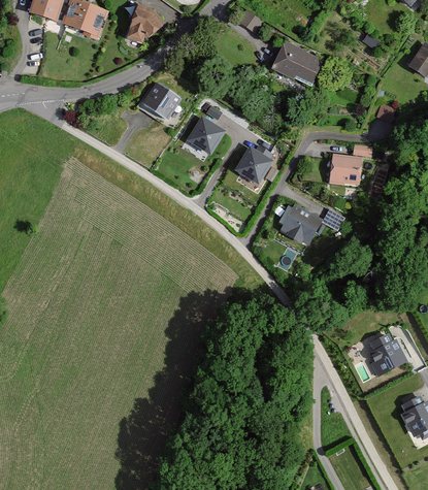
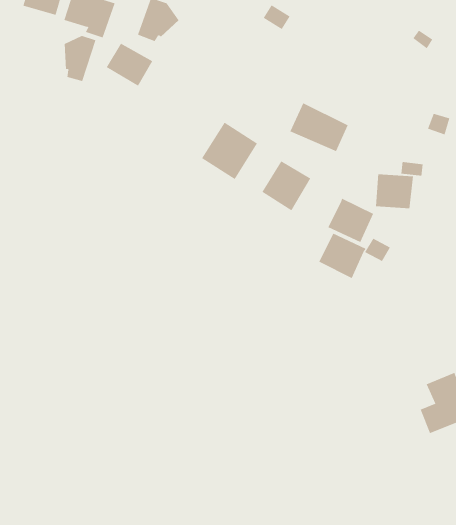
building: none -> [64,35,96,82]
building: [273,40,324,83] -> [289,102,349,152]
building: [140,83,180,120] -> [106,43,153,86]
building: none -> [327,198,374,243]

